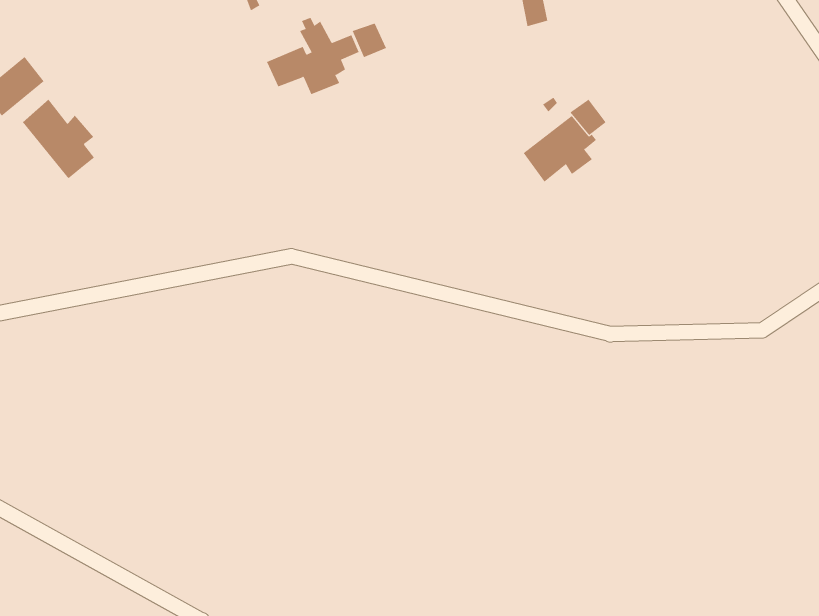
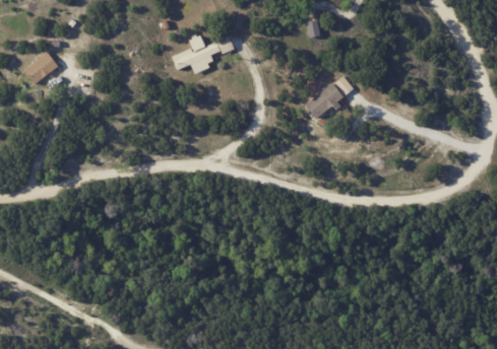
building: [22,99,95,179] -> none

